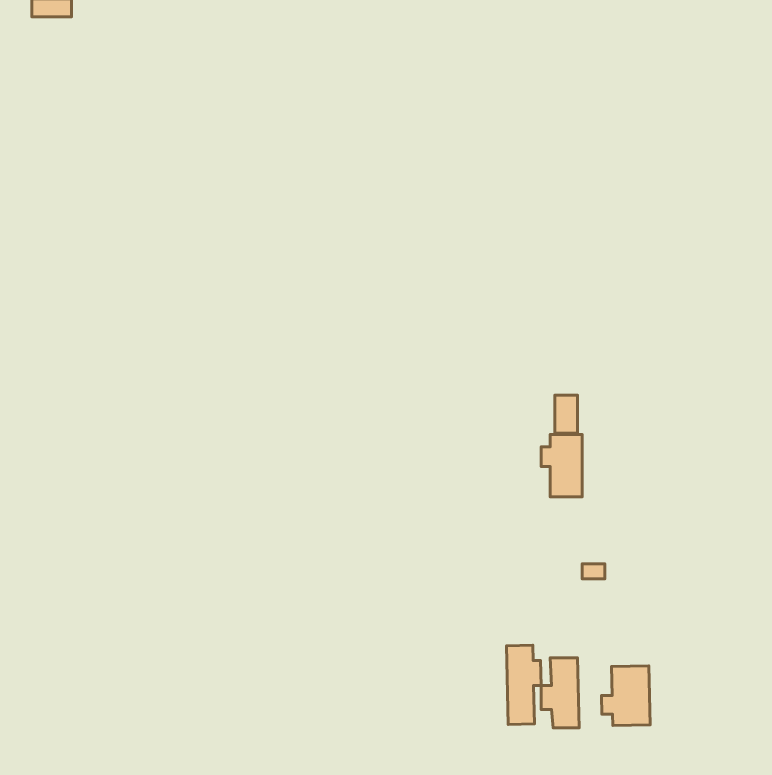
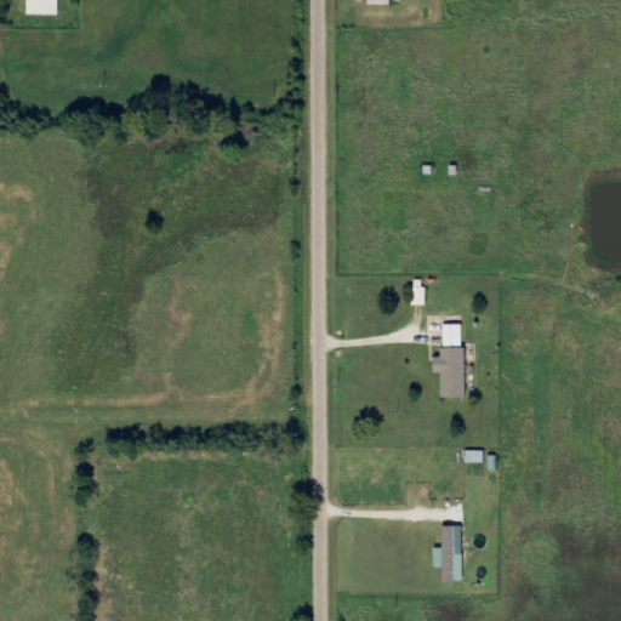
building: [507,645,541,724] -> none
building: [601,666,650,726] -> none

